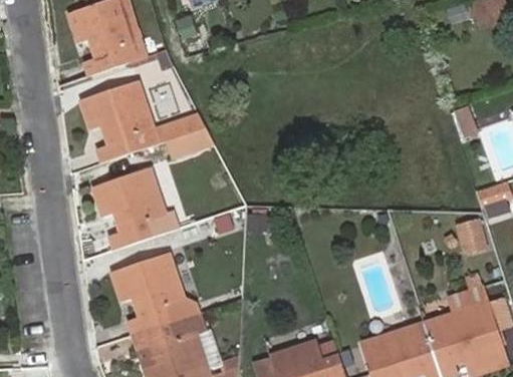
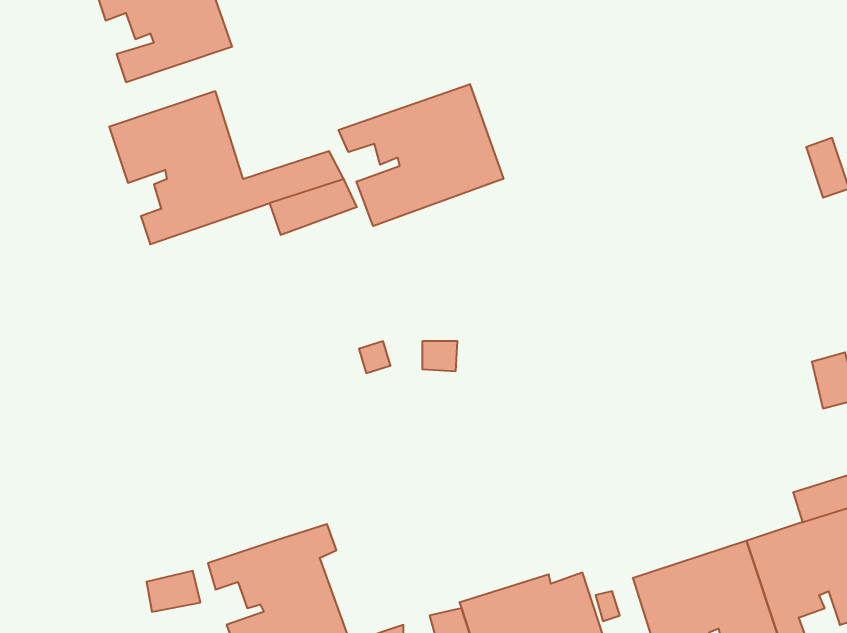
building: none -> [339,84,503,226]
building: [92,167,178,249] -> none
building: [111,253,185,334] -> none

